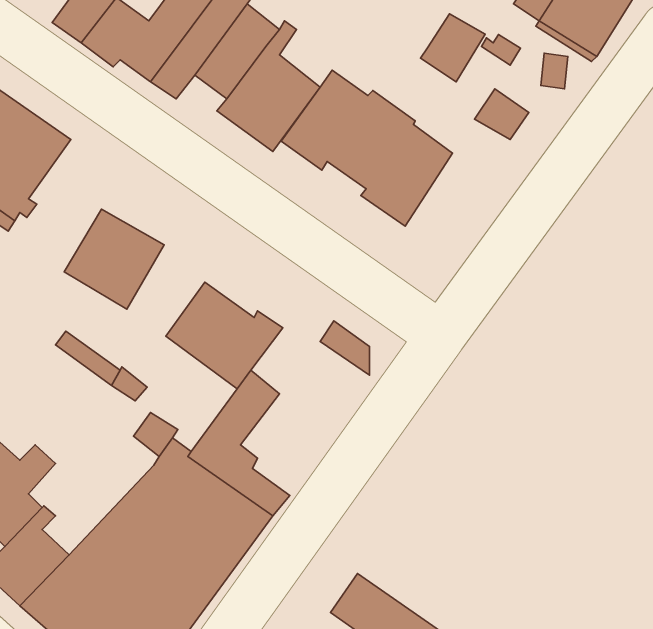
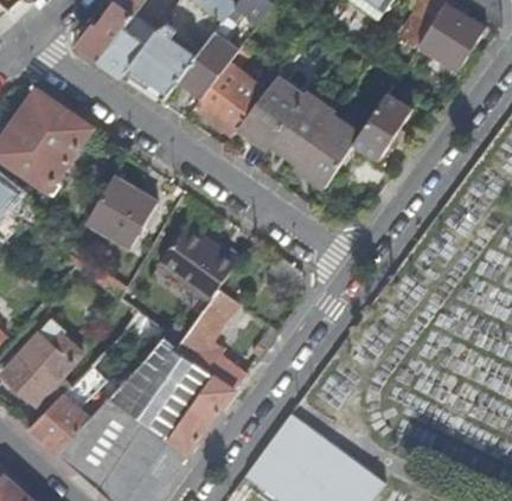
building: [421,14,485,82] -> [353,111,398,159]

